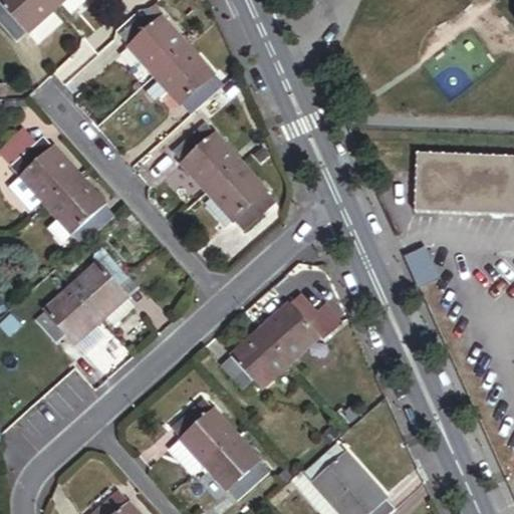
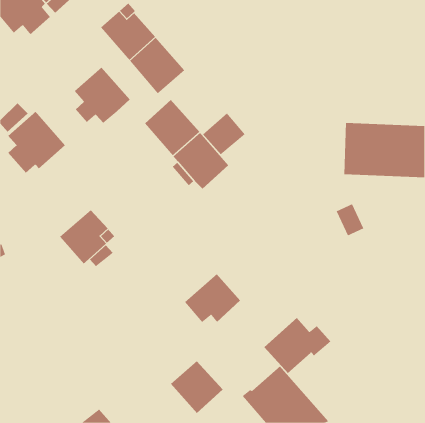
building: none -> [202,113,245,155]
building: [46,175,114,243] -> [74,67,131,124]
building: [34,285,105,349] -> none
building: [261,293,342,361] -> [264,317,331,374]
building: [169,398,237,474] -> none

